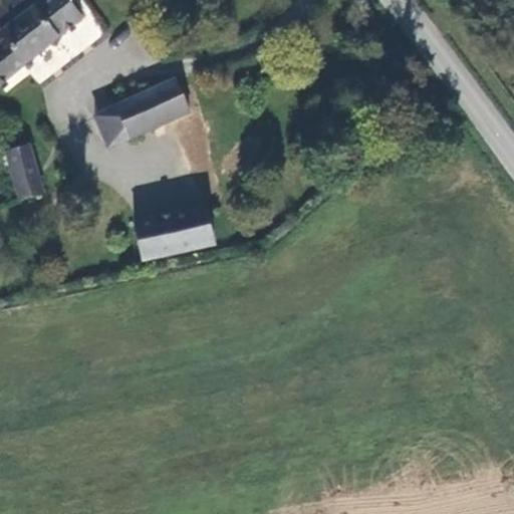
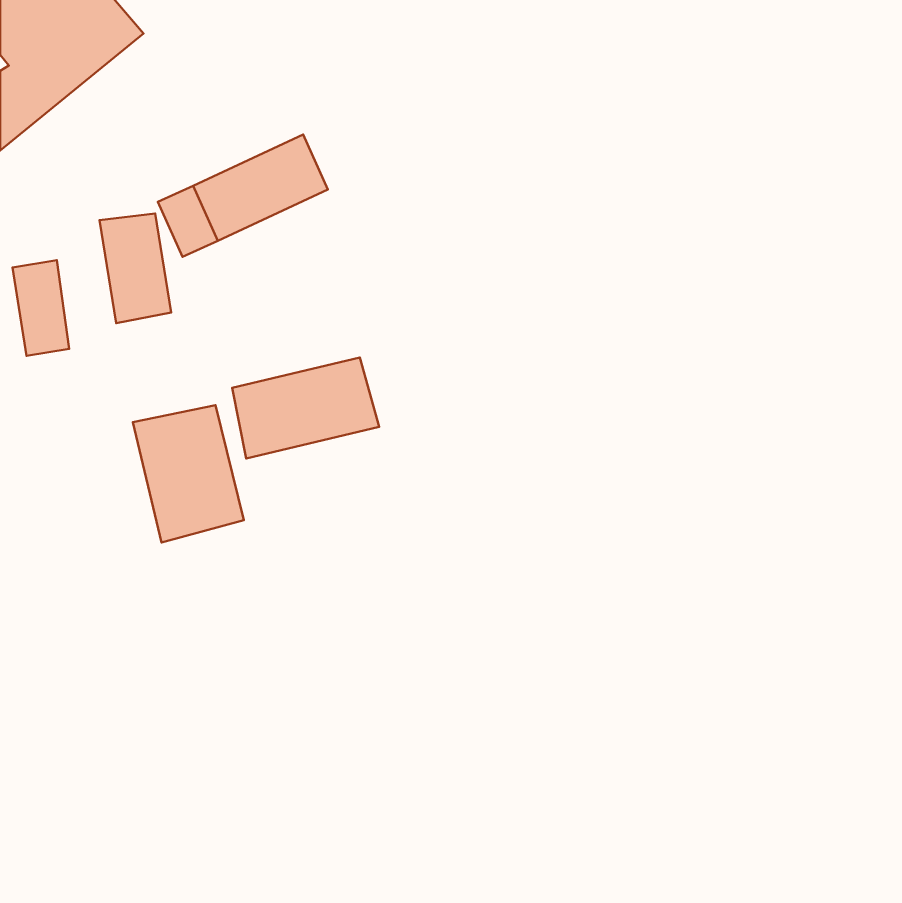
building: none -> [100,213,171,323]
building: none -> [133,405,244,542]

